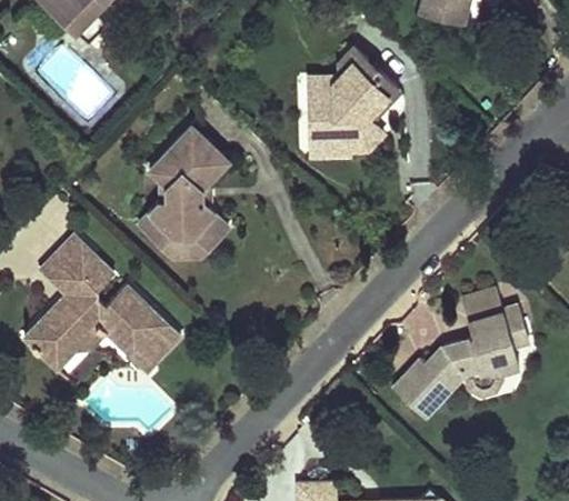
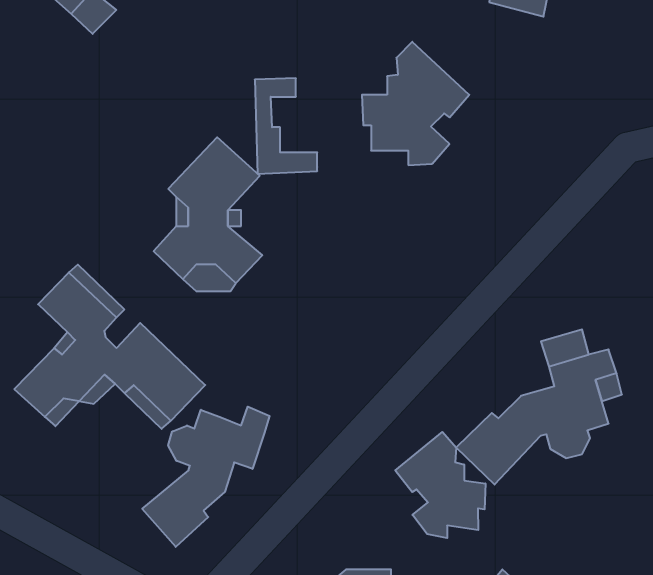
building: [299,77,351,157] -> [255,78,317,174]
building: none -> [142,407,270,547]
building: none -> [395,432,485,538]

